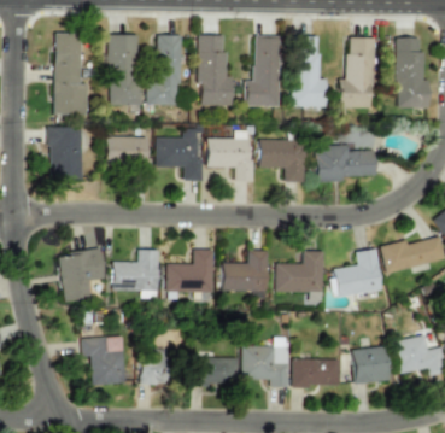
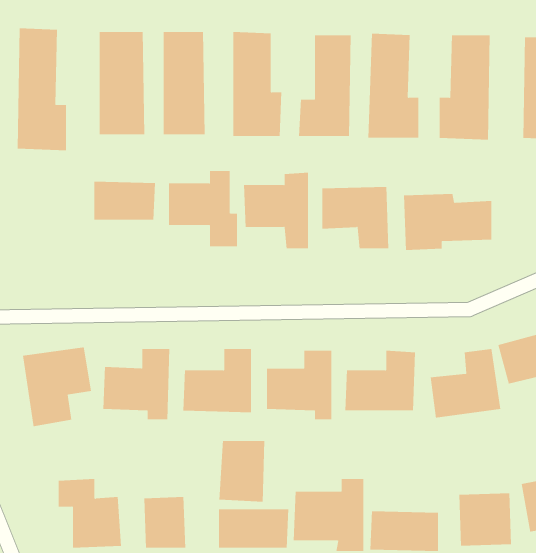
building: [49,127,83,181] -> none
building: none -> [219,440,265,502]

